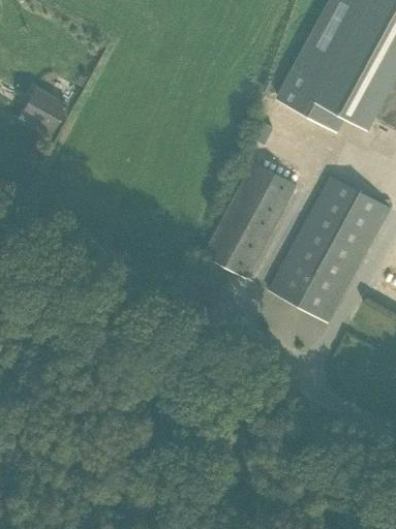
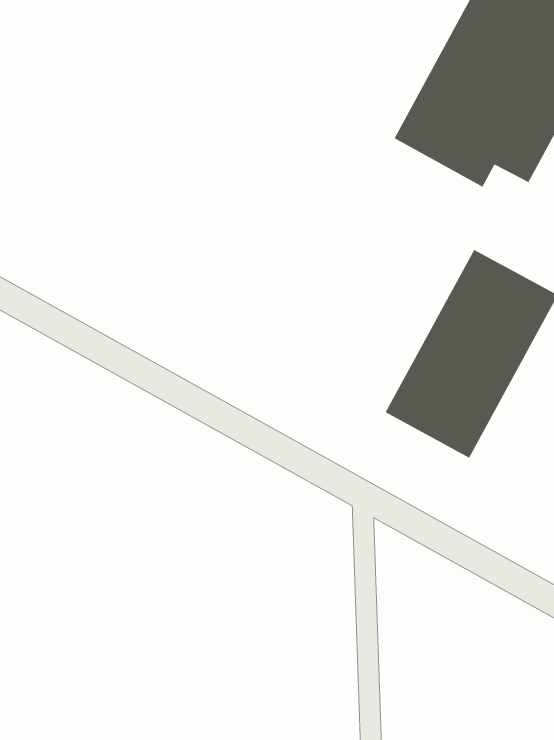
building: [18,87,66,134] -> none
building: [204,161,297,280] -> none

